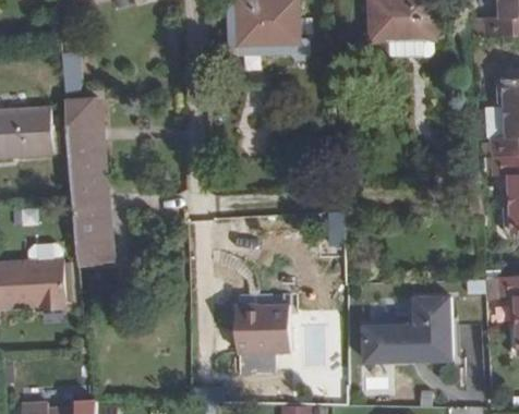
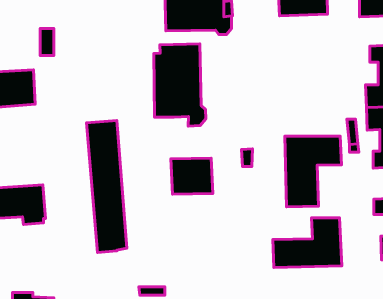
building: none -> [154,44,206,126]
building: [62,96,114,267] -> [86,120,127,253]
building: none -> [285,136,342,207]
building: [234,304,289,351] -> [171,158,213,194]

